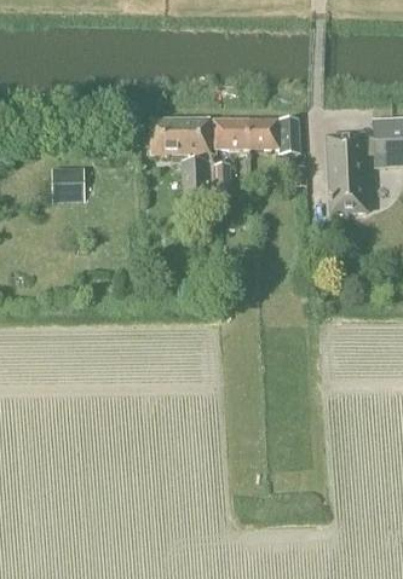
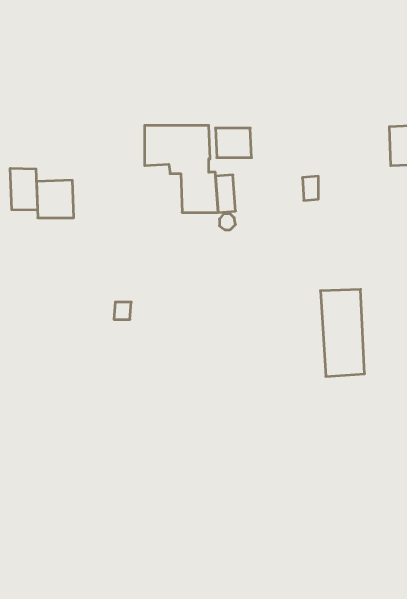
building: [246,118,299,152] -> none
building: [326,133,365,212] -> [320,289,365,376]
building: none -> [10,168,37,210]

